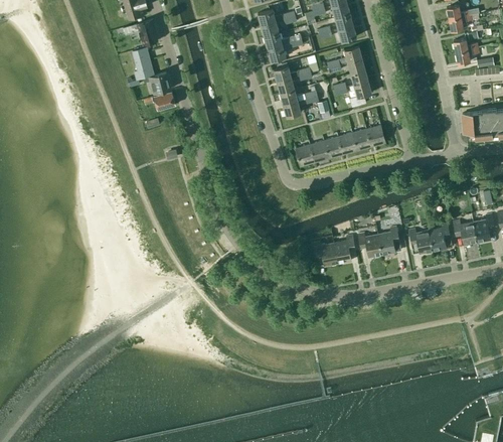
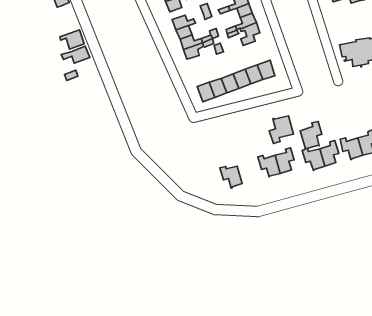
building: [132,47,153,80] -> none
building: none -> [269,116,294,143]
building: none -> [300,122,322,149]
building: [333,235,354,263] -> none

